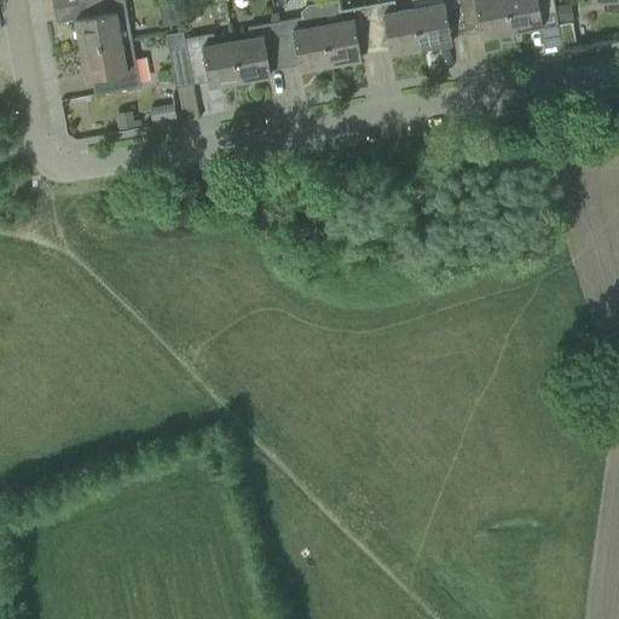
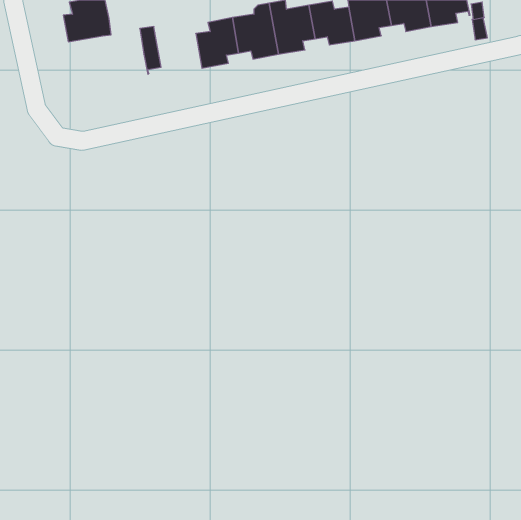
building: [184,34,239,87] -> none
building: [81,44,140,96] -> none

